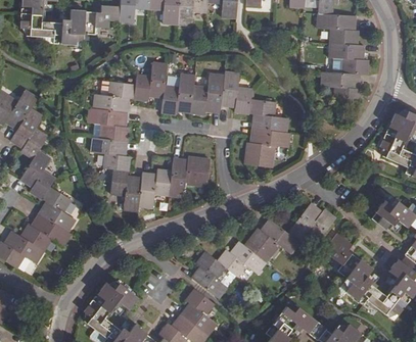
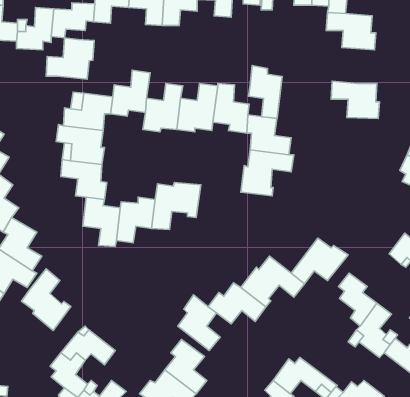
building: none -> [46,38,94,79]
building: [329,42,368,74] -> none
building: none -> [249,65,282,118]
building: none -> [22,269,71,330]

